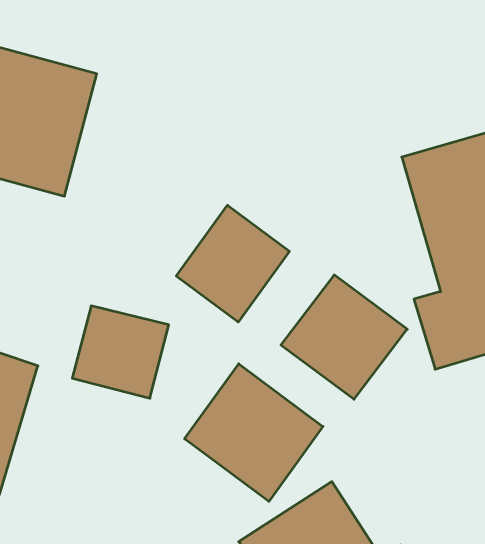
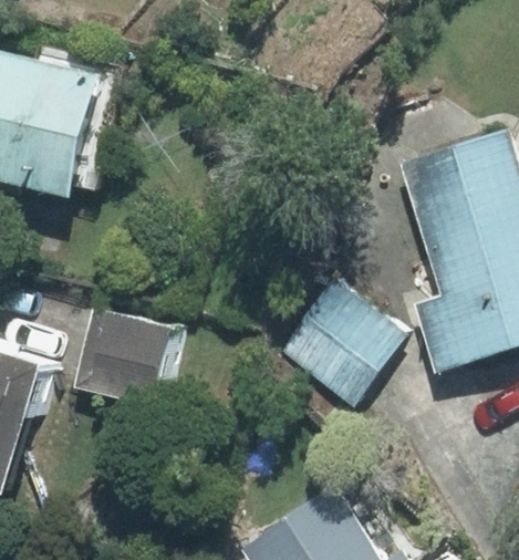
building: [176,205,289,322] -> none
building: [185,364,323,501] -> none

